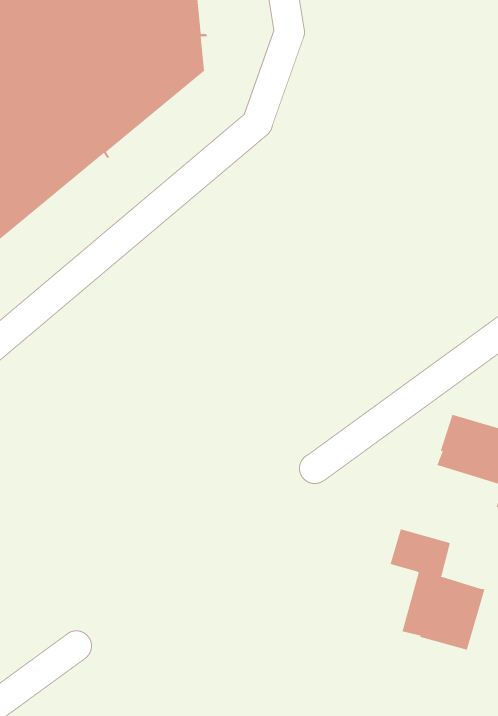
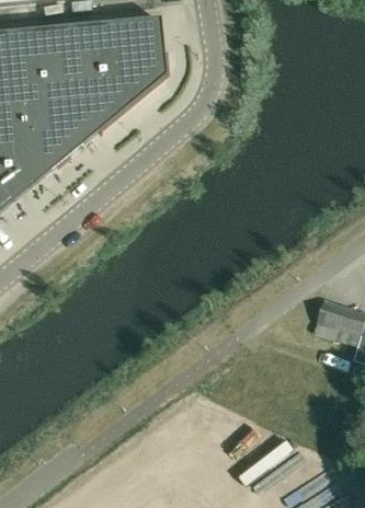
building: [390,528,485,651] -> none

